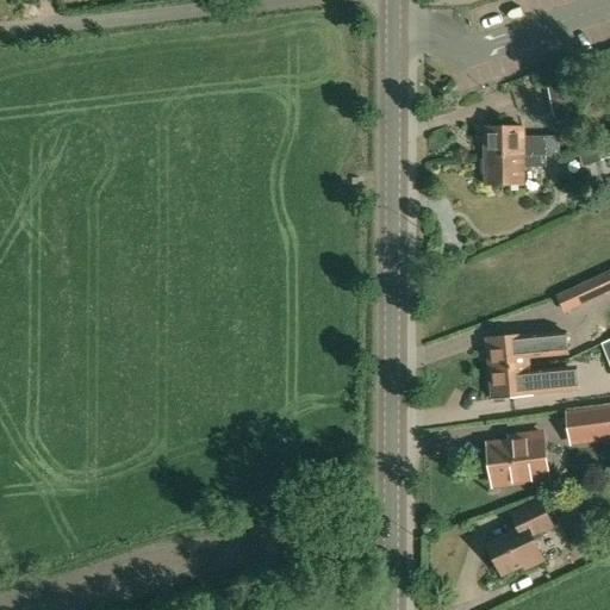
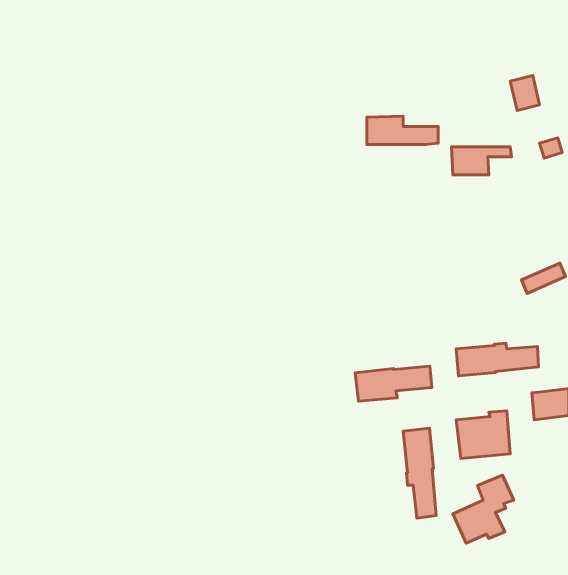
building: [484,125,559,155] -> [367,116,438,144]
building: [485,331,566,368] -> [355,366,432,401]
building: none -> [403,428,436,518]

